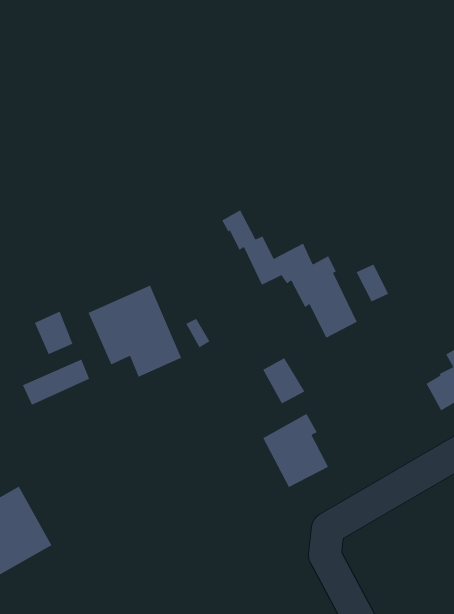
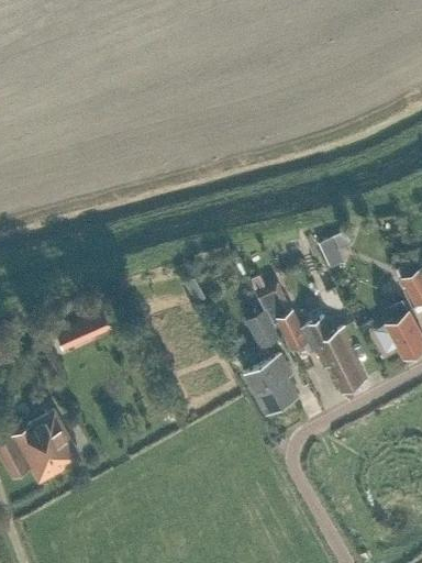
building: [221,209,358,339] -> [260,291,368,394]
building: [87,285,182,378] -> none
building: [34,310,74,355] -> none

